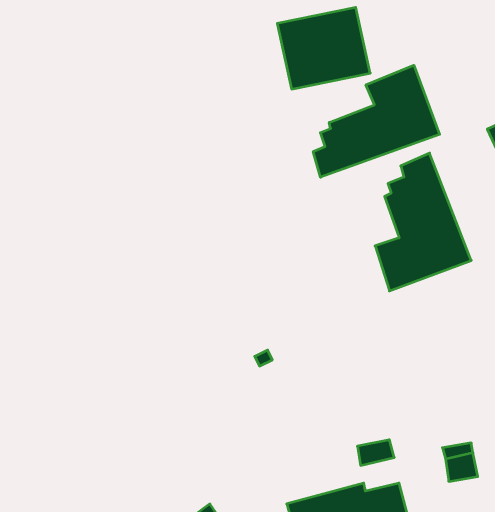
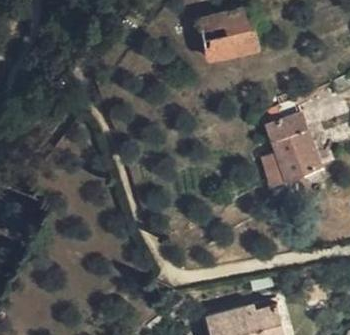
building: [313,65,440,177] -> none

